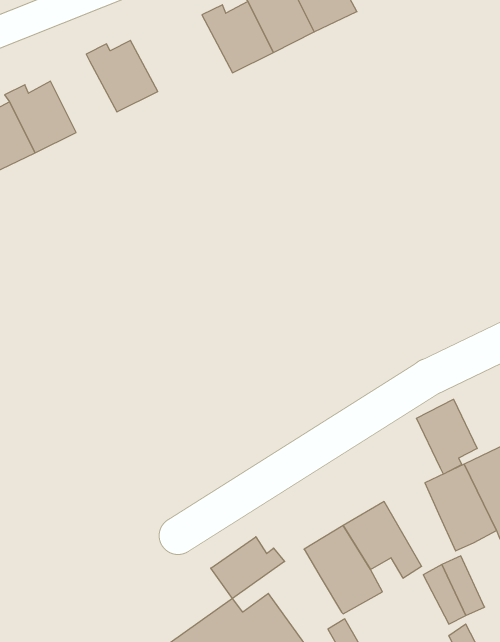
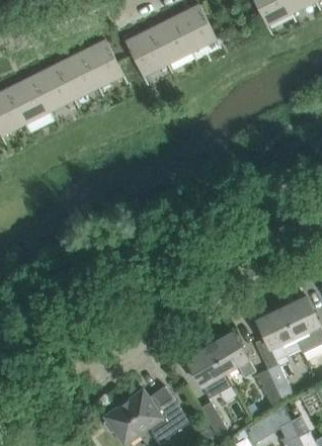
building: none -> [80,43,123,87]
building: none -> [31,69,74,111]
building: [416,399,477,474] -> none
building: [211,537,285,599] -> none

